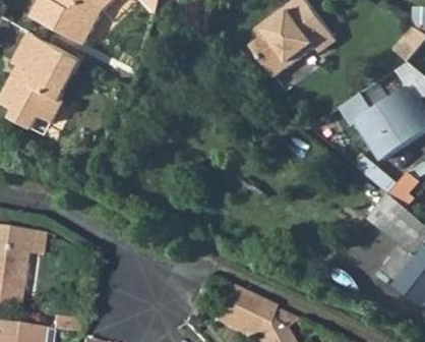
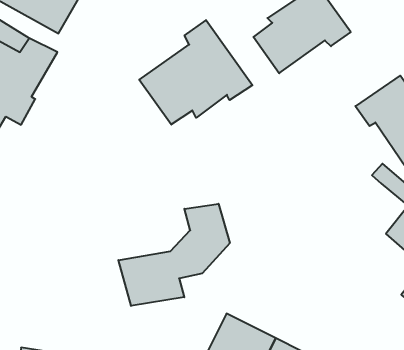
building: none -> [139,20,252,125]
building: none -> [118,204,230,306]

